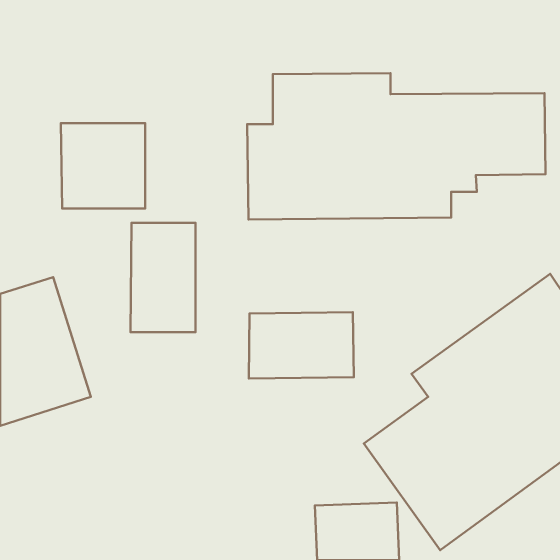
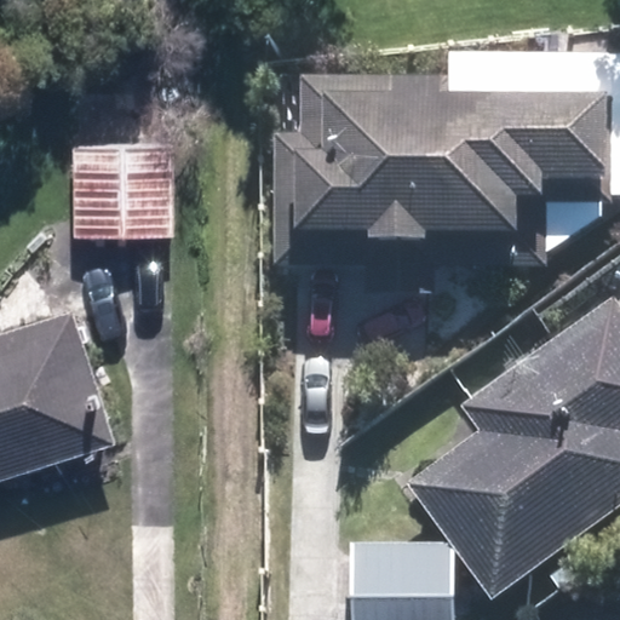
building: [131,223,196,332] -> none
building: [249,312,354,378] -> none

